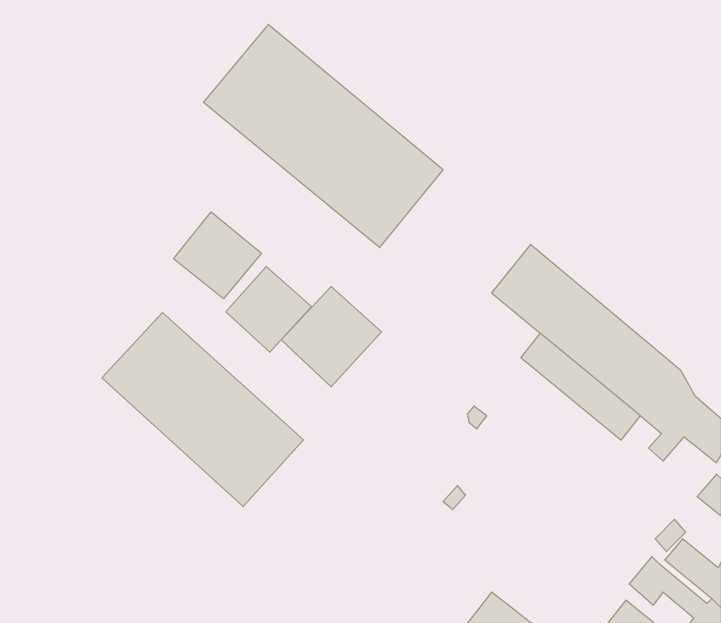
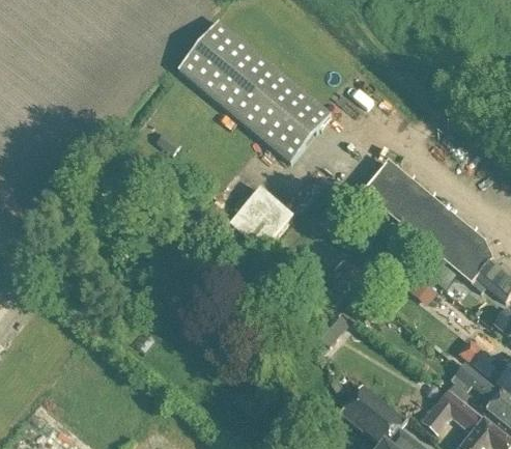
building: [174,212,261,299] -> none
building: [226,266,311,352] -> none
building: [102,313,304,507] -> none

